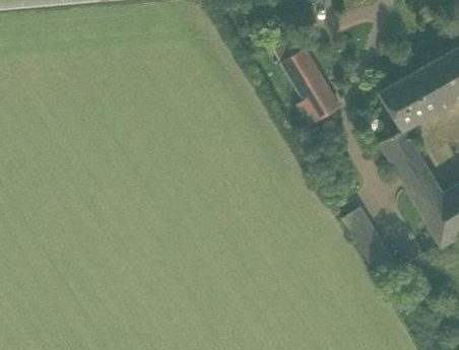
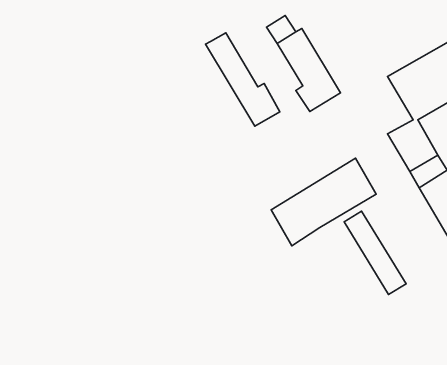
building: none -> [206,33,280,126]
building: none -> [271,158,376,246]

